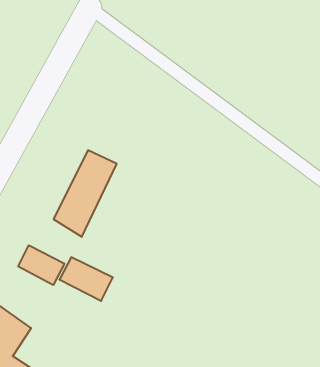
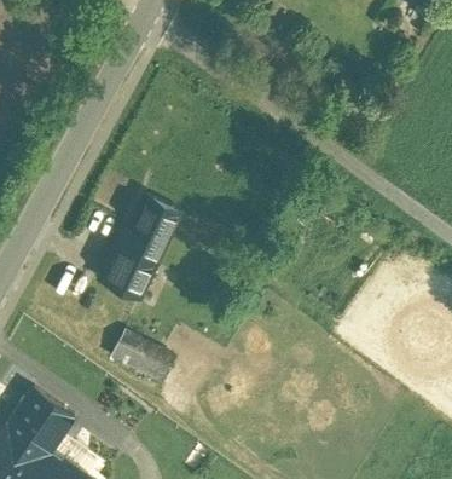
building: [18,245,64,285] -> none

